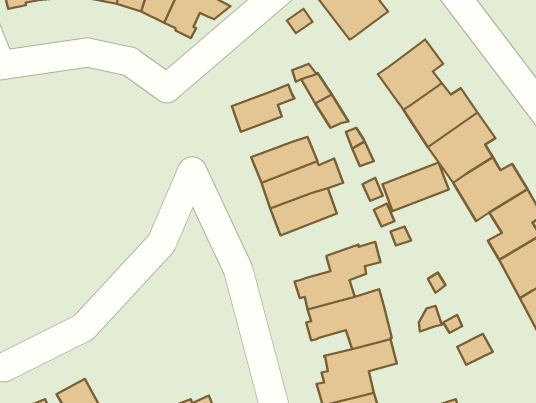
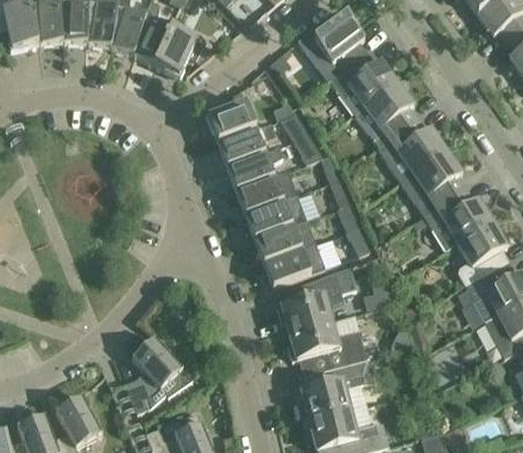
building: none -> [329,56,397,114]
building: none -> [208,92,256,144]
building: none -> [226,147,282,191]
building: [382,162,449,211] -> [263,244,324,289]
building: none -> [125,338,191,414]

